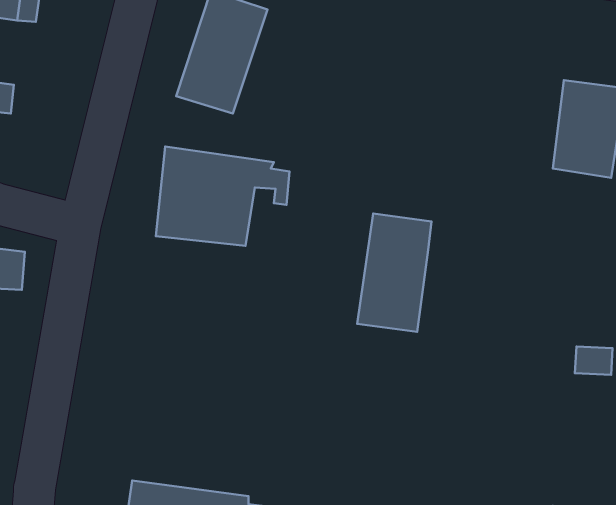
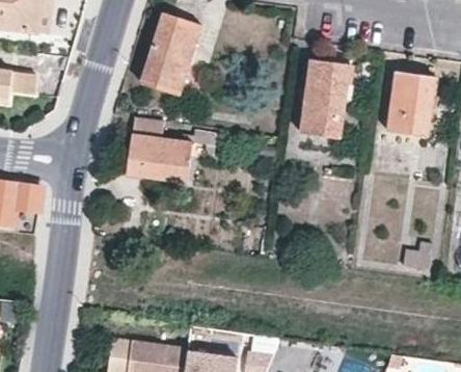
building: [357,214,431,332] -> [300,59,349,137]

